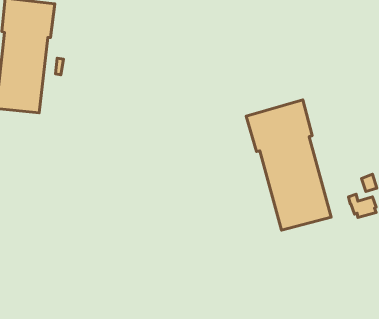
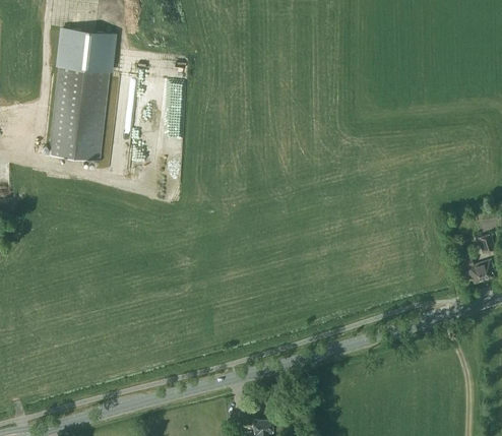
building: [246,100,331,230] -> none

